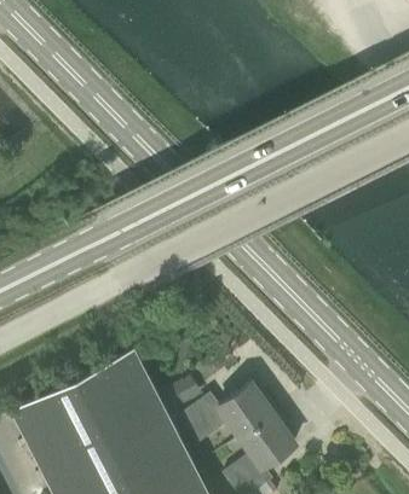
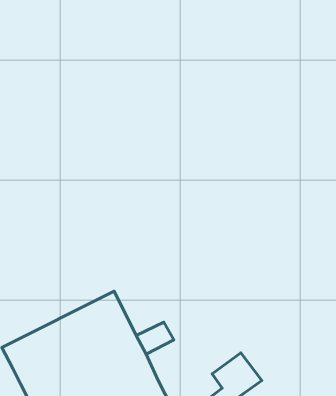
building: [182,384,273,442] -> none

